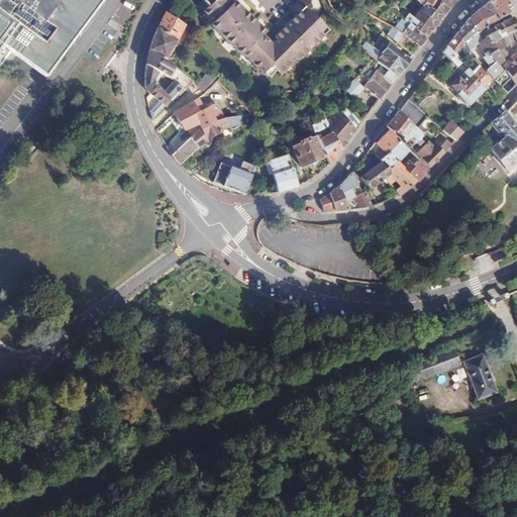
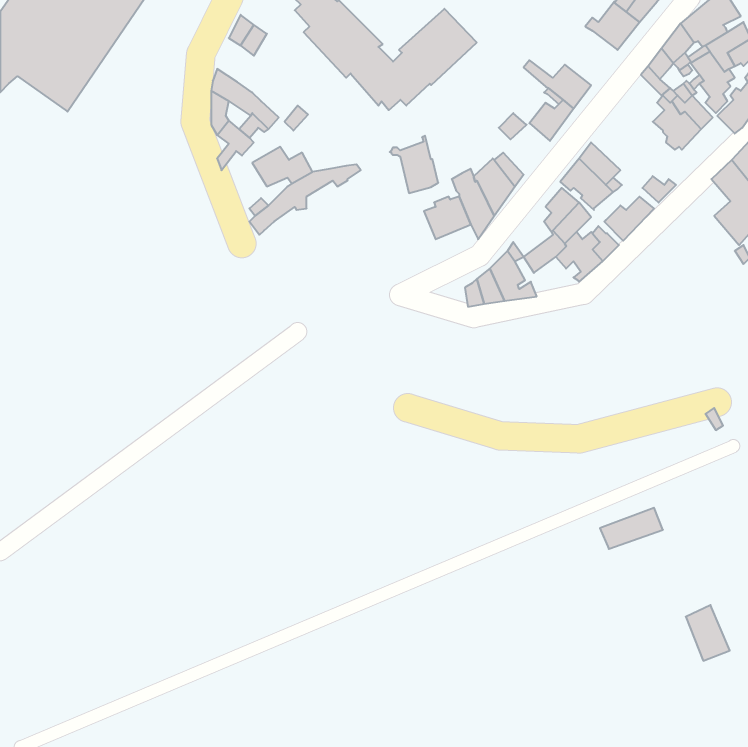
building: [387,21,426,43] -> none
building: [150,26,176,57] -> none
building: [264,150,297,190] -> [390,136,438,193]
building: [214,162,252,193] -> none
building: [463,356,494,395] -> [686,605,730,661]

